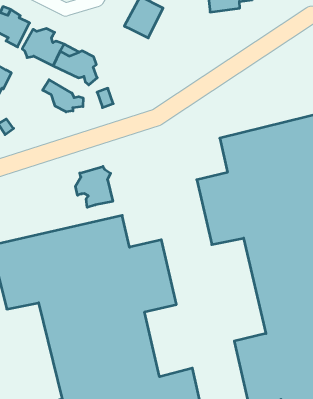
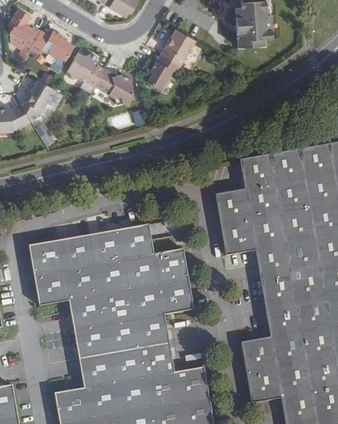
building: none -> [146,56,180,90]
building: [43,80,83,112] -> none
building: [75,166,113,207] -> none

